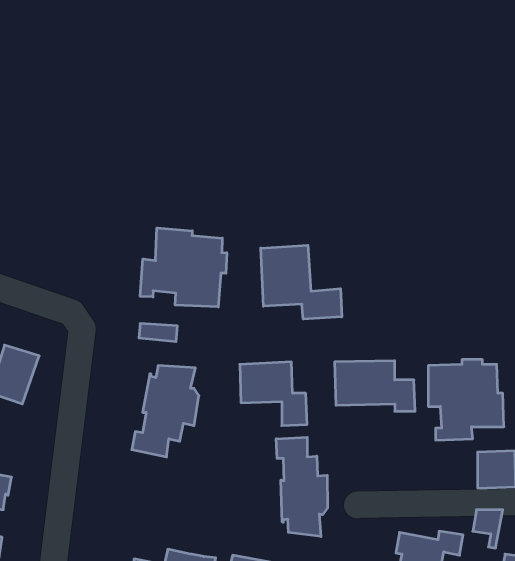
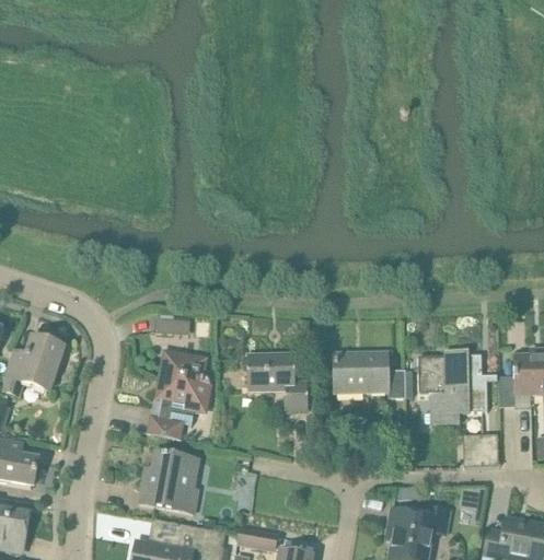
building: [140,228,227,307] -> none
building: [261,245,342,319] -> none
building: [276,437,328,537] -> none
building: none -> [139,451,197,512]

